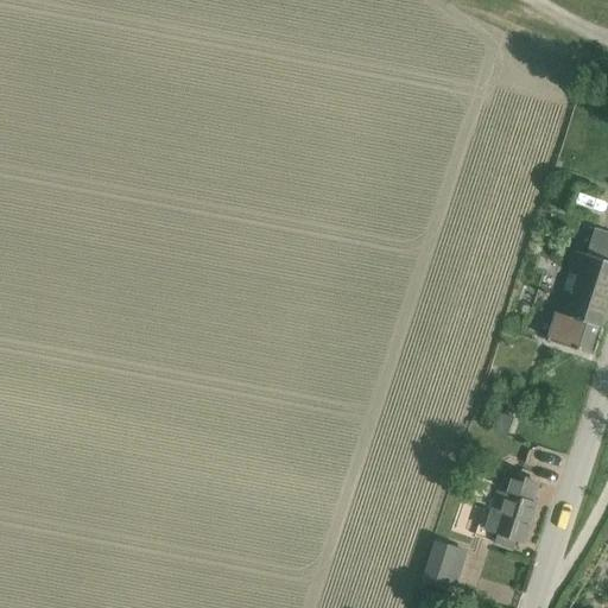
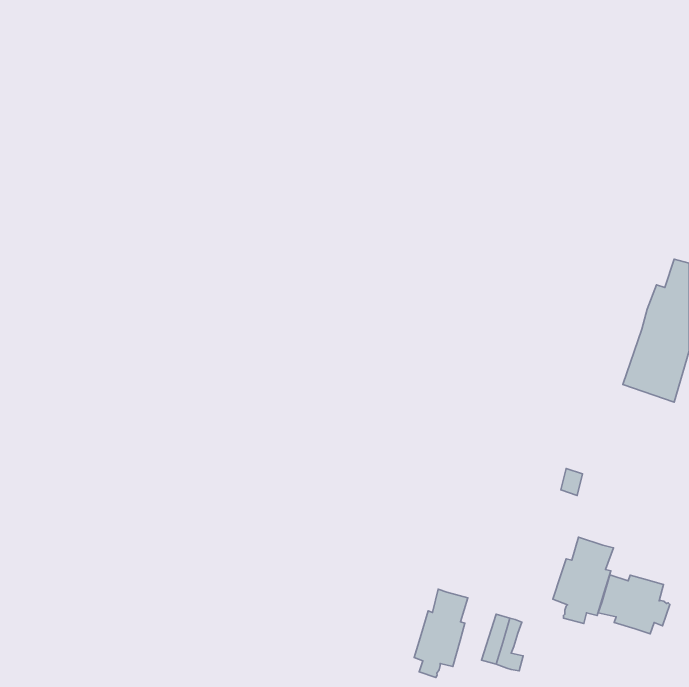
building: none -> [598,575,670,634]
building: none -> [414,589,468,678]

